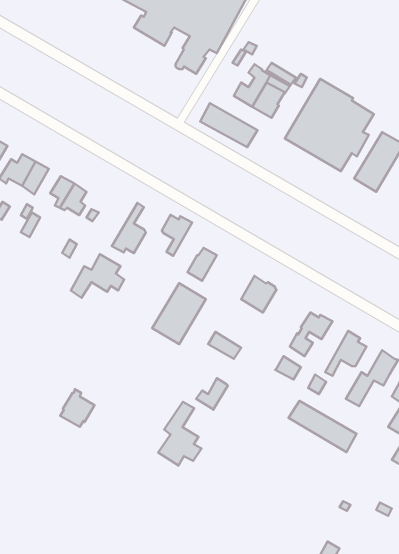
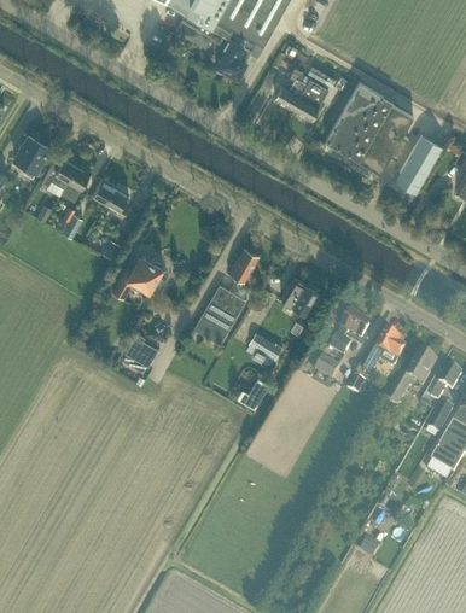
building: [200,103,257,147] -> none
building: [112,203,146,253] -> none
building: [162,215,192,256] -> none
building: [60,389,94,427] -> [123,333,157,370]
building: [289,401,357,452] -> none
building: [158,402,201,465] -> none

